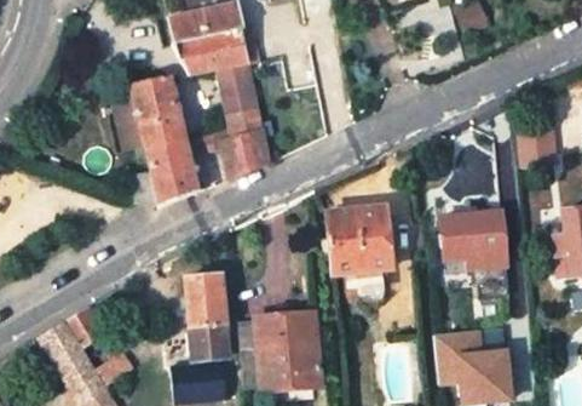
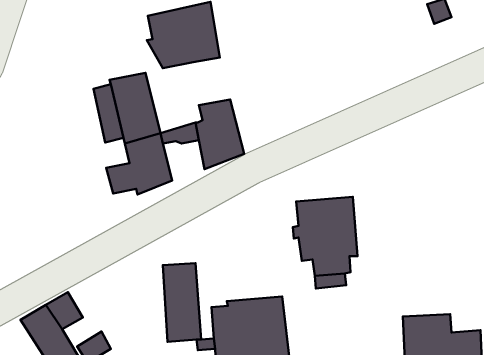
building: [219,61,258,110] -> none
building: [439,211,506,269] -> none

